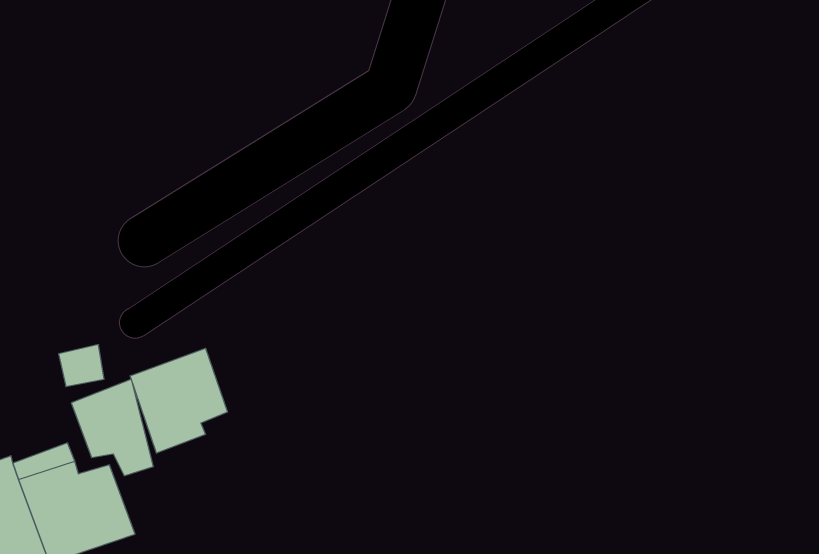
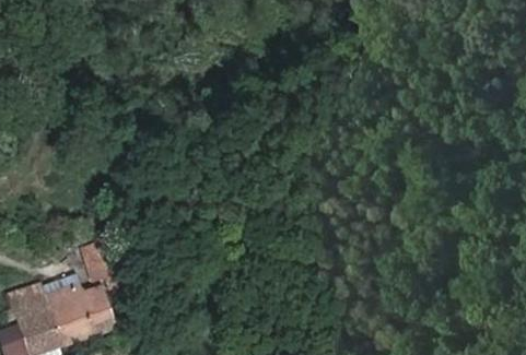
building: [130,348,227,453] -> none

